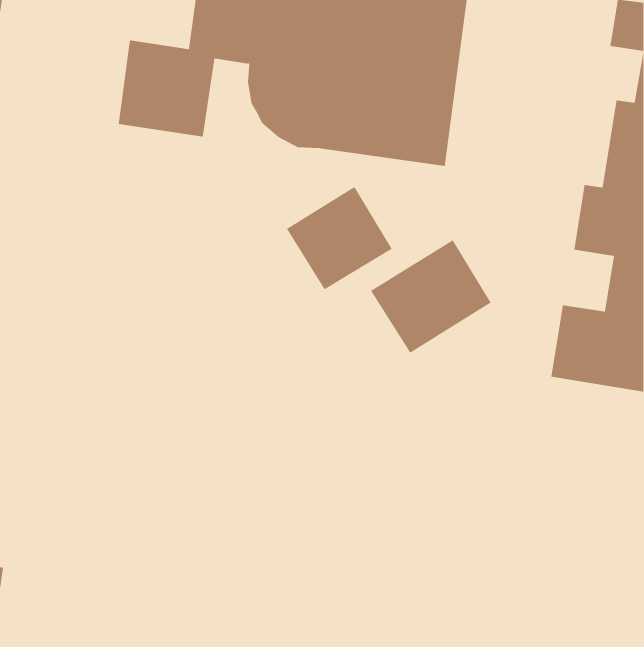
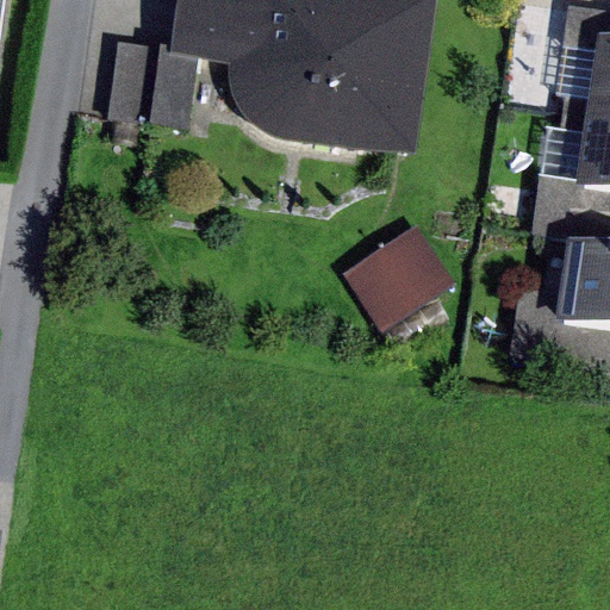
building: [286,186,392,290] -> none

